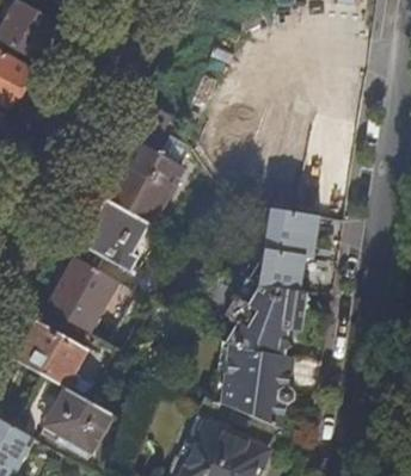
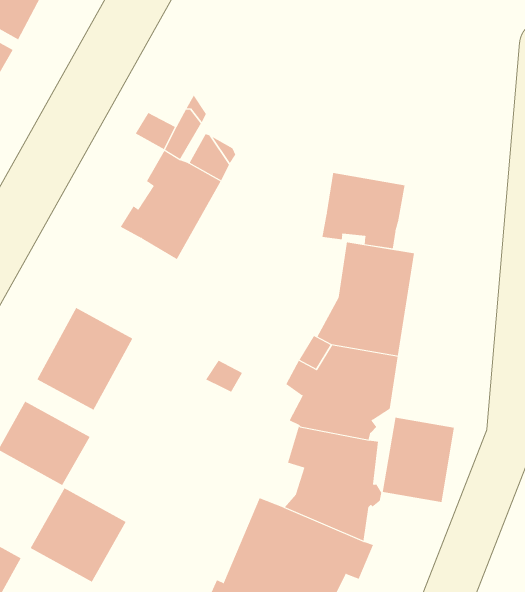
building: none -> [322,172,405,249]
building: [81,197,160,296] -> none
building: none -> [382,417,455,503]

